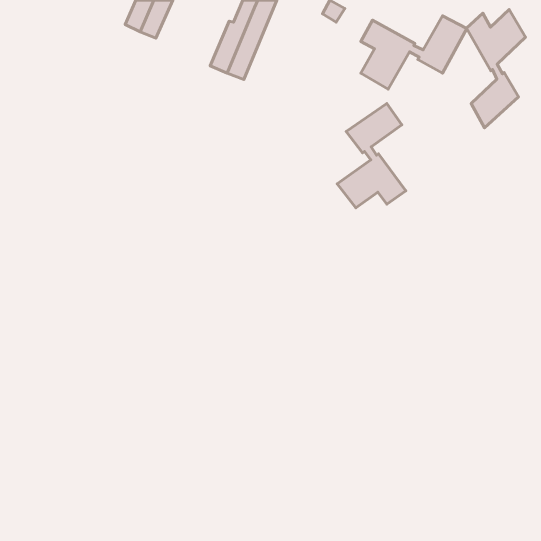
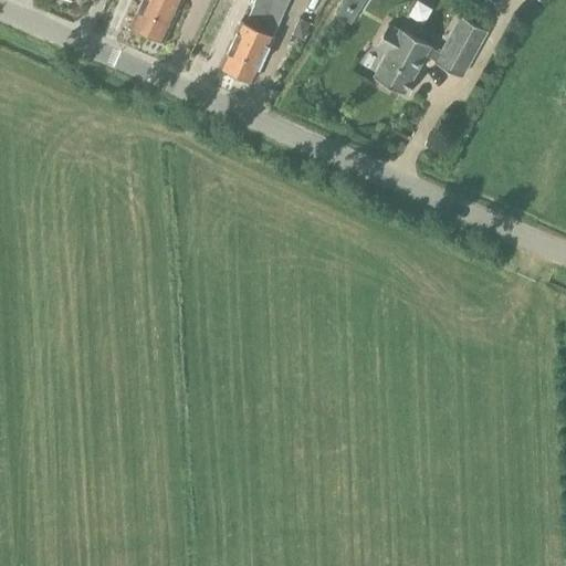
building: [466,10,525,128] -> none
building: [337,104,406,208] -> none

